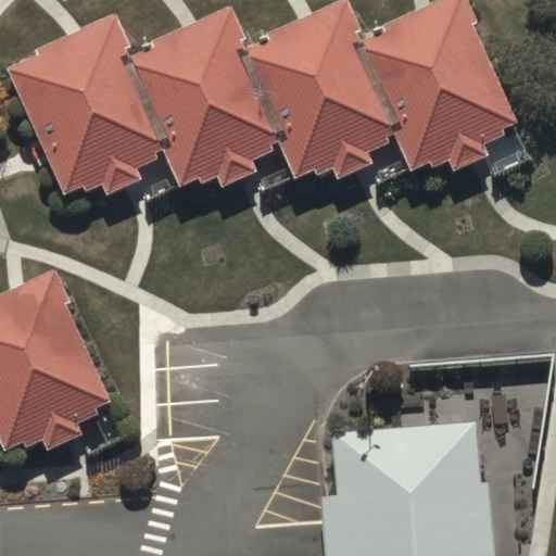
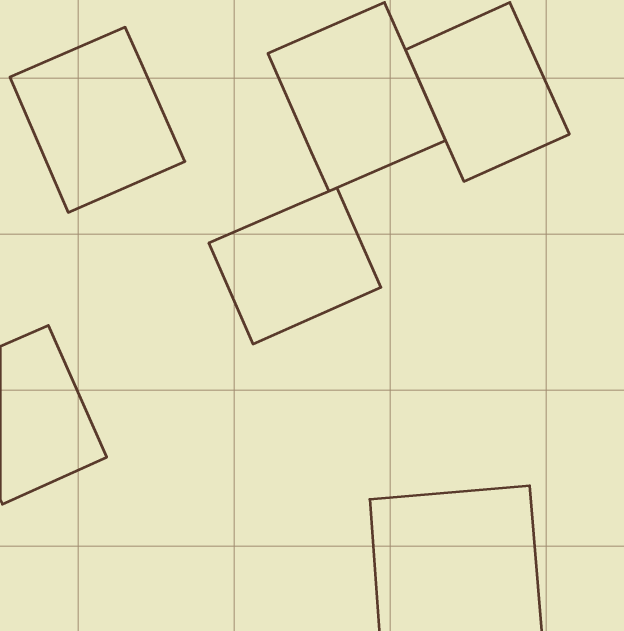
building: [132,16,281,178] -> none
building: none -> [209,188,381,344]

